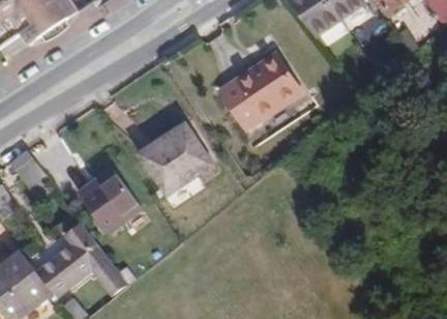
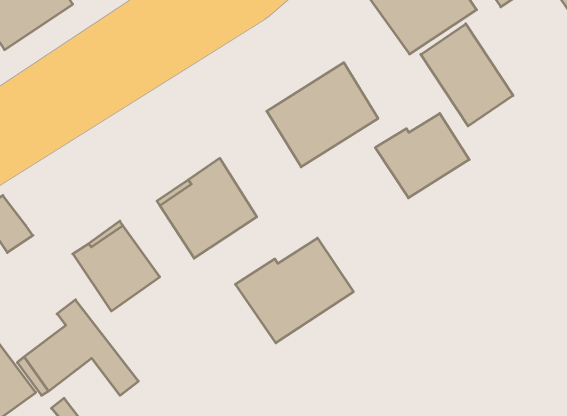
building: none -> [421,24,513,126]
building: none -> [375,113,469,198]
building: none -> [235,238,353,343]

